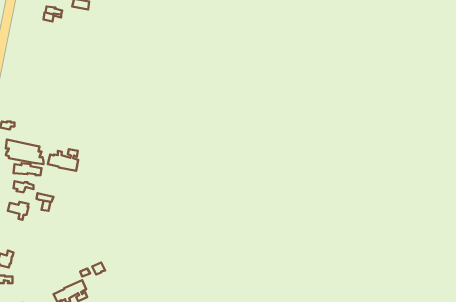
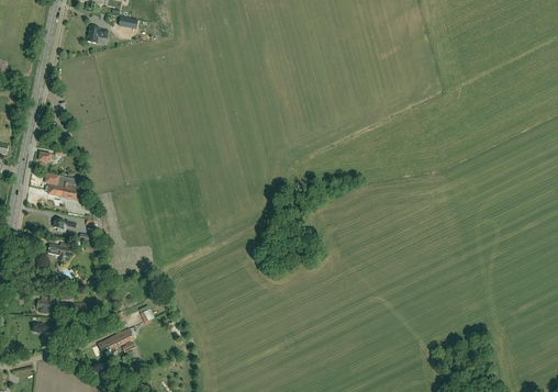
building: [48,149,78,171] -> none

